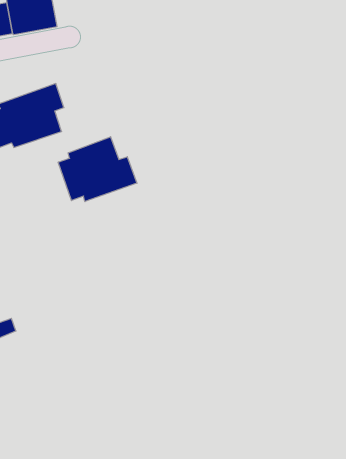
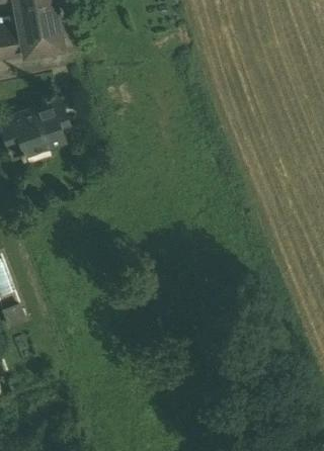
building: [58,137,137,202] -> none

